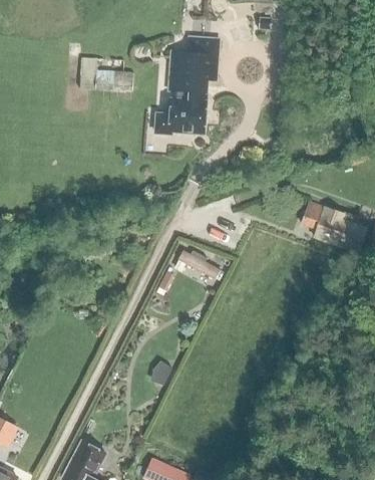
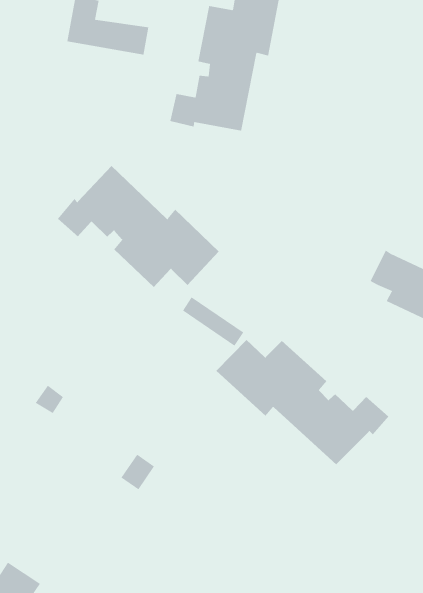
building: none -> [57,165,219,288]
building: none -> [215,339,389,465]

